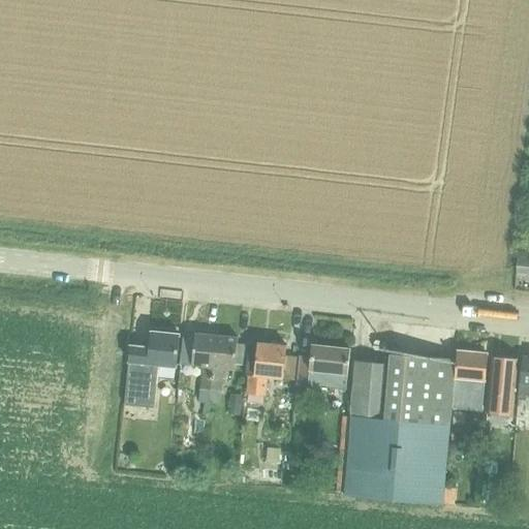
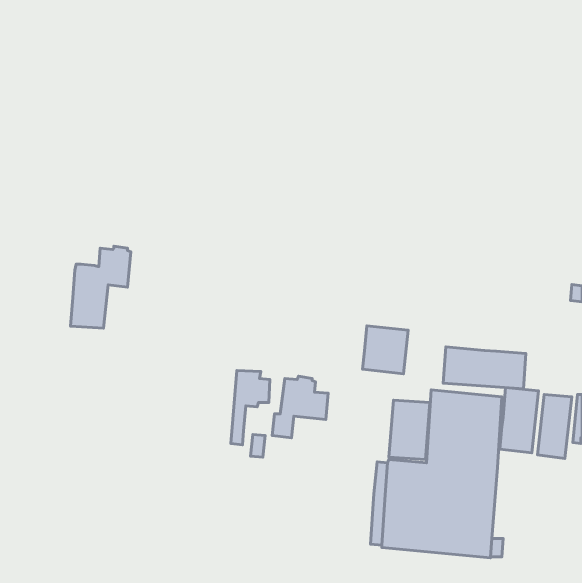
building: none -> [443,347,526,389]
building: [123,329,178,403] -> [70,246,131,328]
building: [190,333,214,401] -> none
building: [307,345,348,388] -> [362,326,408,374]

